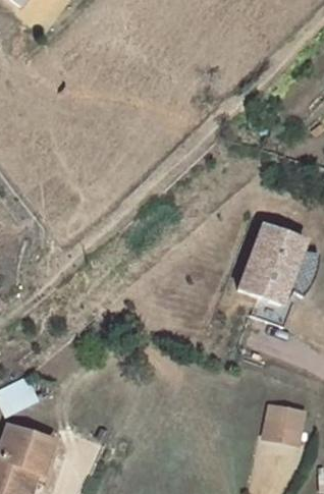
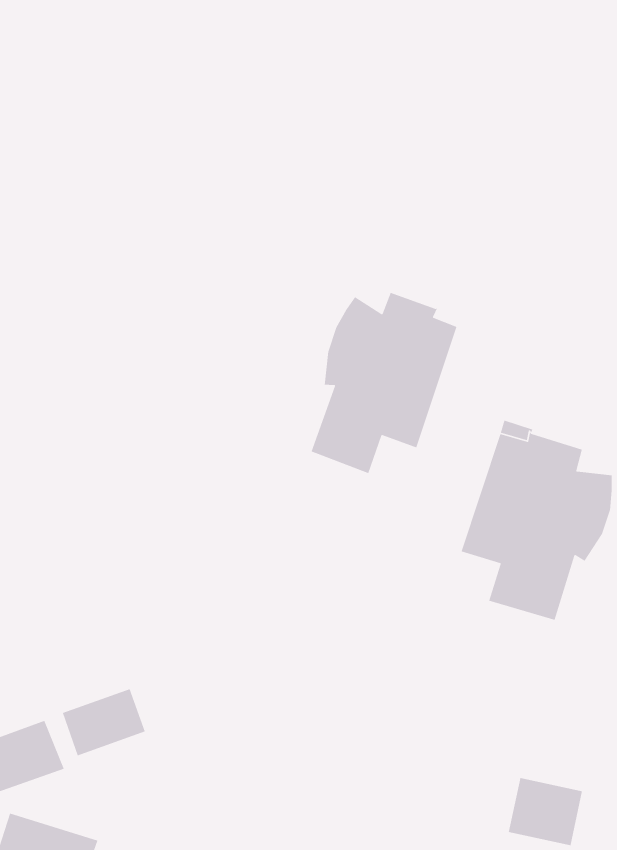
building: none -> [310,292,458,474]
building: none -> [62,688,146,756]

